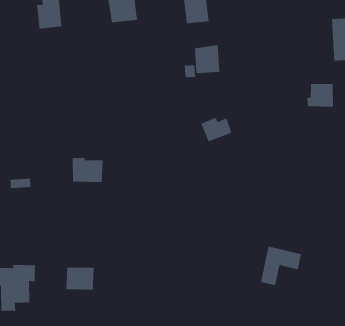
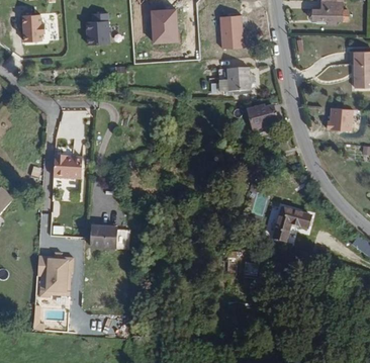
building: [200,117,232,142] -> [248,105,276,127]
building: [72,157,103,182] -> [53,154,82,178]
building: [260,246,302,286] -> [273,207,312,244]
building: [66,267,95,290] -> [90,225,117,248]

